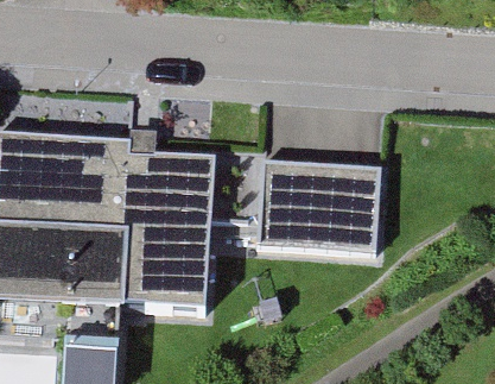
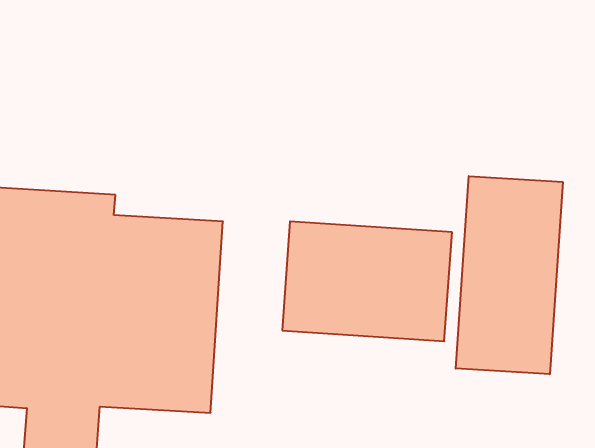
building: none -> [456,176,563,374]

